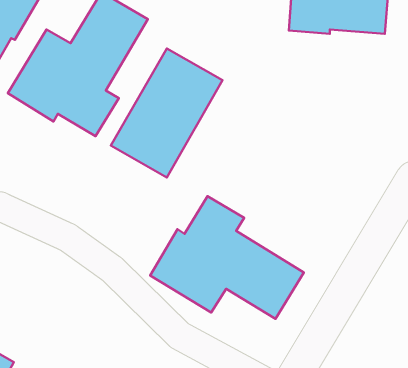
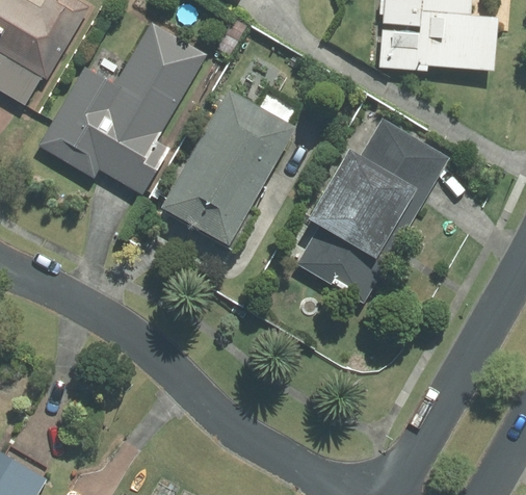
building: none -> [294,115,448,301]
building: [150,196,304,319] -> none

